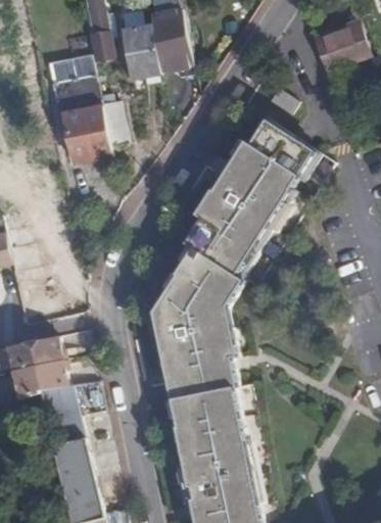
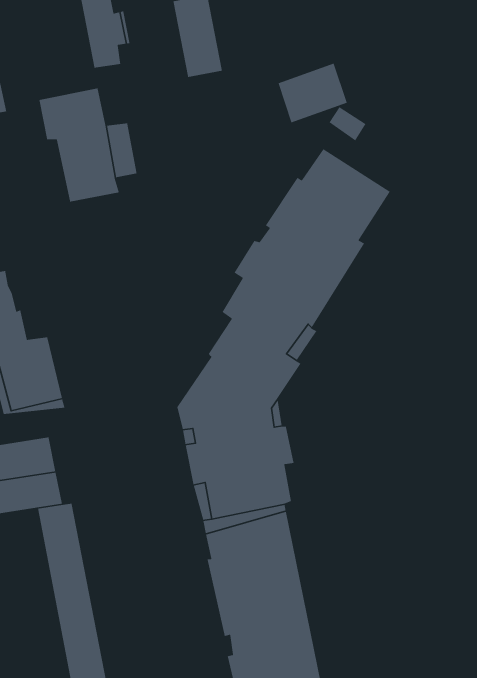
building: [117,20,157,78] -> none
building: [312,27,365,73] -> [277,63,348,124]

